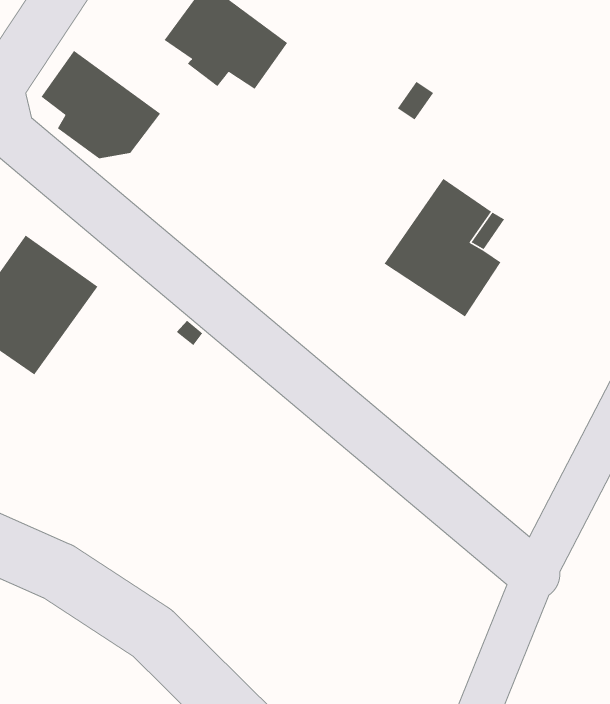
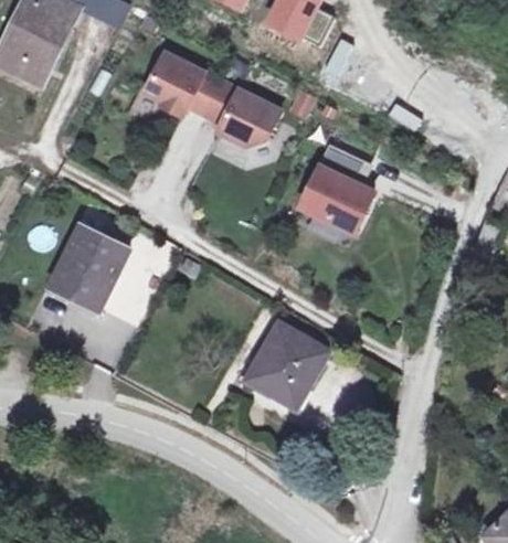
building: [41,50,161,159] -> [204,81,279,145]
building: none -> [250,323,327,403]

